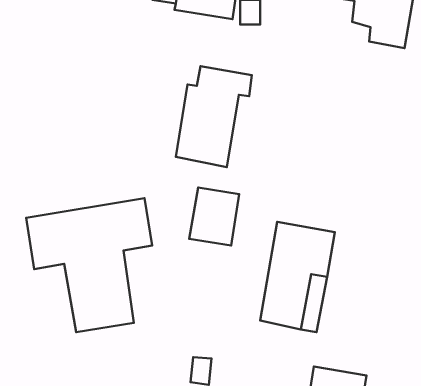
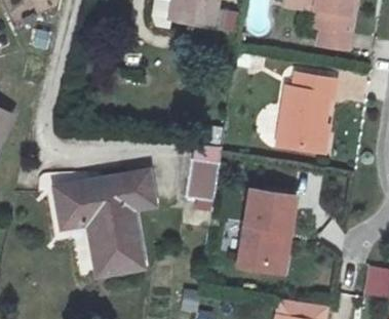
building: [176,66,252,167] -> [280,75,340,154]

